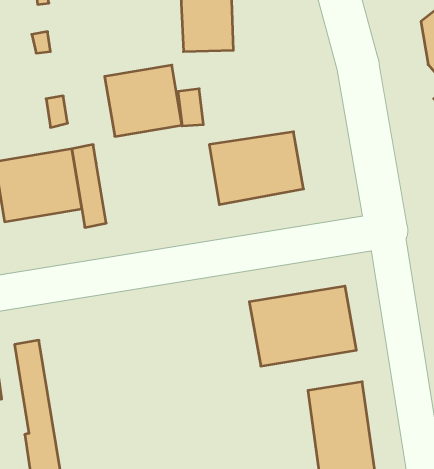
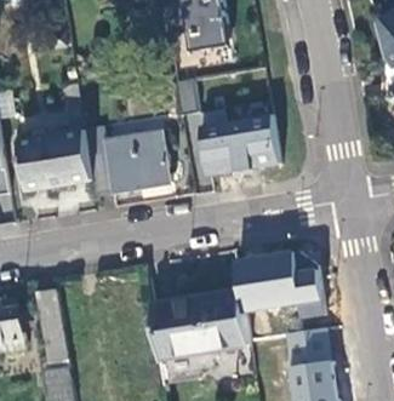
building: [105,65,182,136] -> [104,131,170,191]
building: none -> [150,291,249,384]

